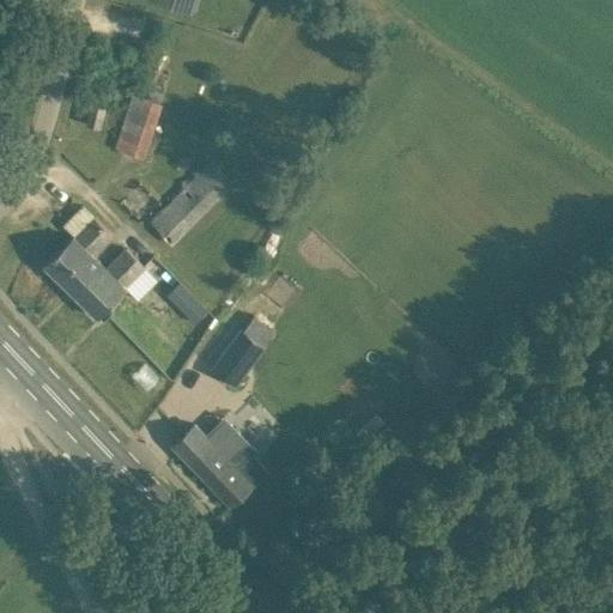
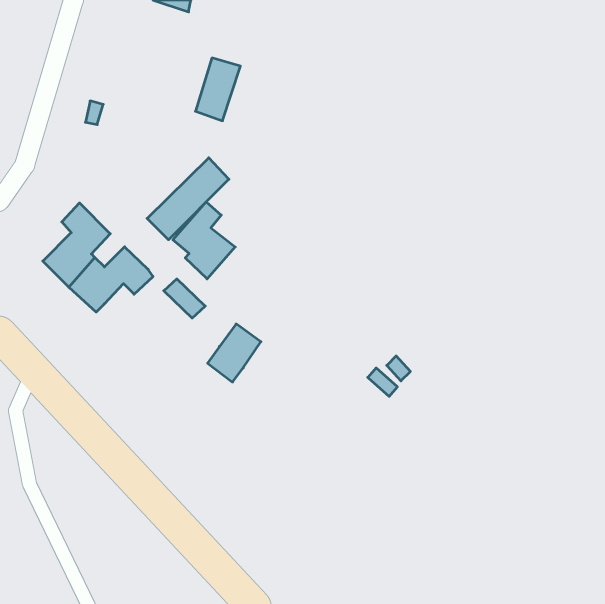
building: [115,96,160,159] -> [195,58,240,121]
building: none -> [173,202,235,279]
building: [172,425,266,505] -> none

